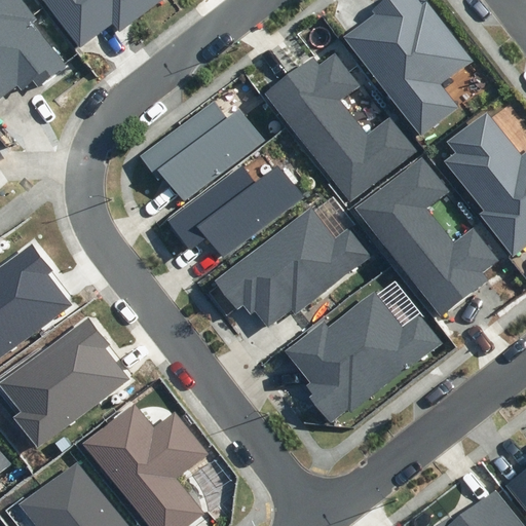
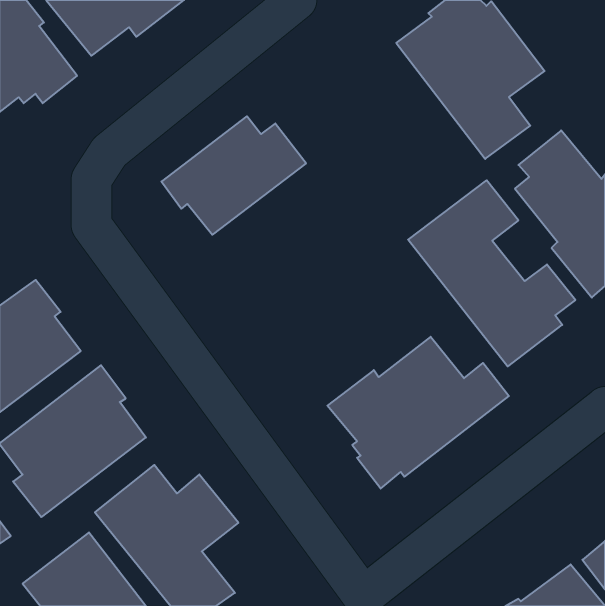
building: [263,52,416,202] -> none
building: [167,163,302,257] -> none
building: [214,208,371,328] -> none

